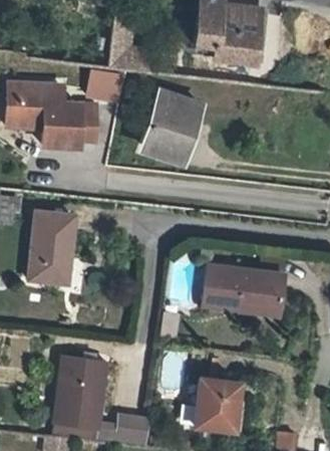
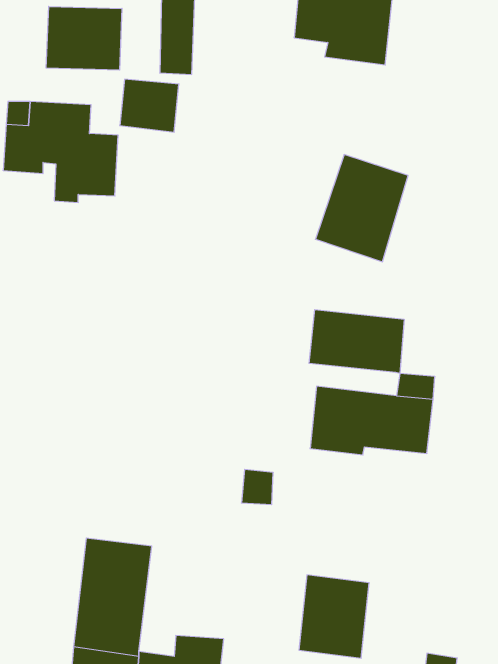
building: none -> [46,6,122,70]
building: [140,95,199,163] -> [315,155,408,262]
building: [27,212,71,284] -> none
building: none -> [309,310,404,373]

